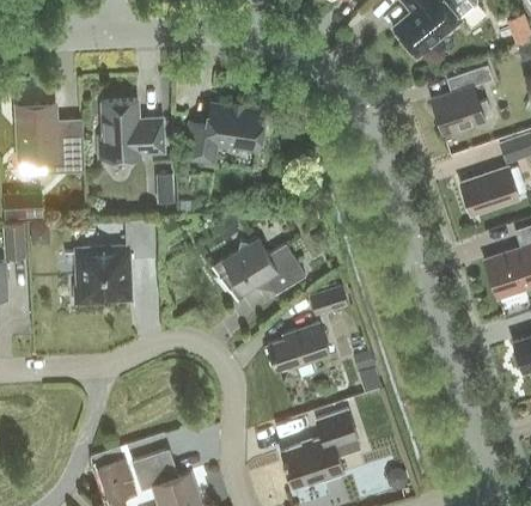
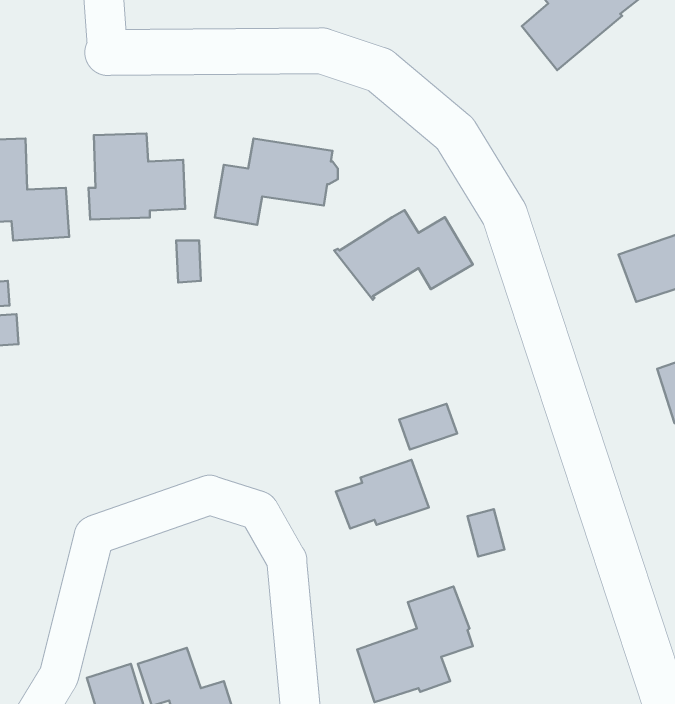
building: [432,66,492,134] -> none
building: [75,220,154,304] -> none
building: [210,239,305,300] -> [334,210,473,300]

